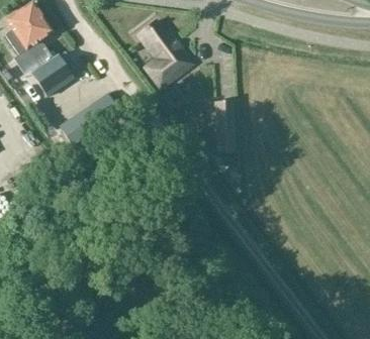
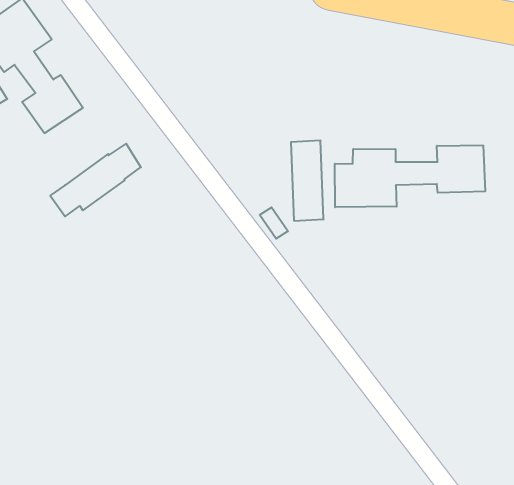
building: [137,19,194,88] -> none
building: none -> [335,145,485,207]

